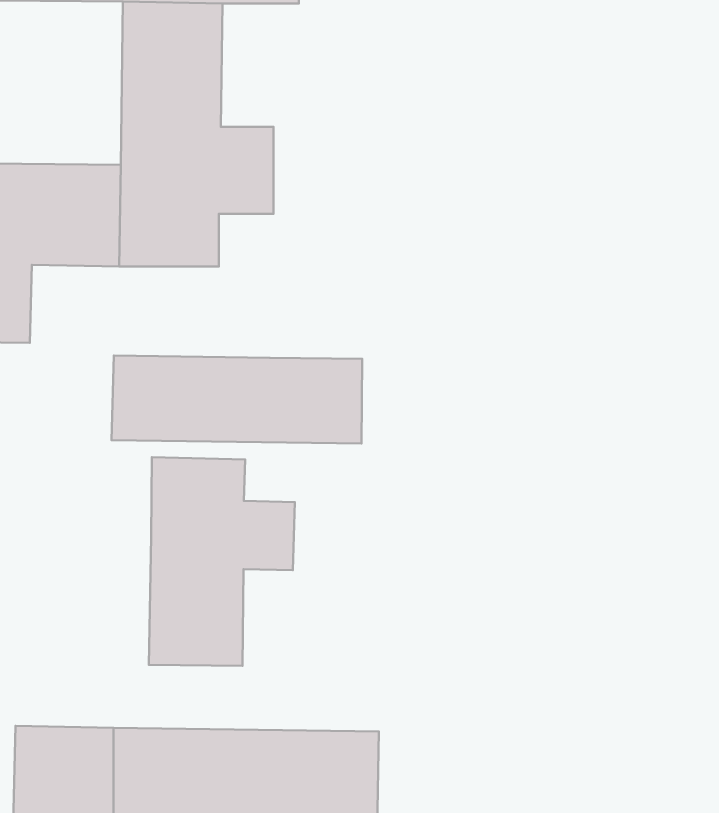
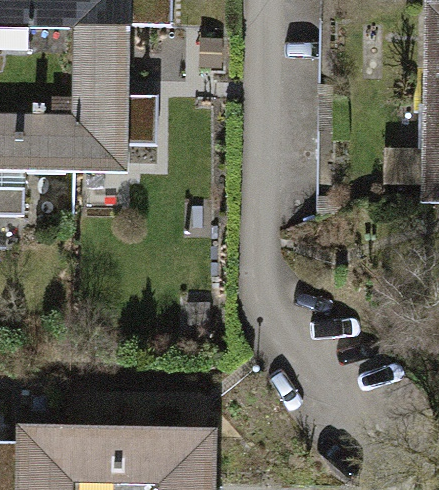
building: [111,355,362,443] -> none
building: [149,457,295,666] -> none

